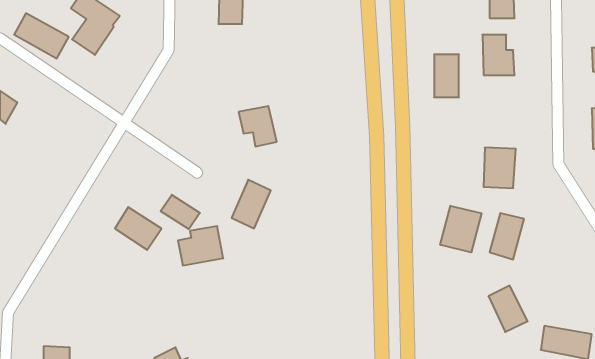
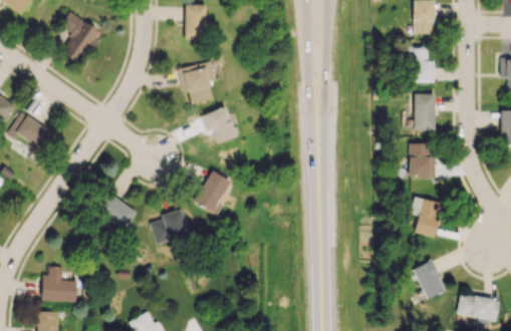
building: [14,13,69,58] -> [10,112,56,150]
building: none -> [180,62,215,103]
building: [434,54,459,97] -> [414,94,435,130]
building: [161,195,200,229] -> none
building: [440,206,482,252] -> none
building: none -> [42,267,77,301]

